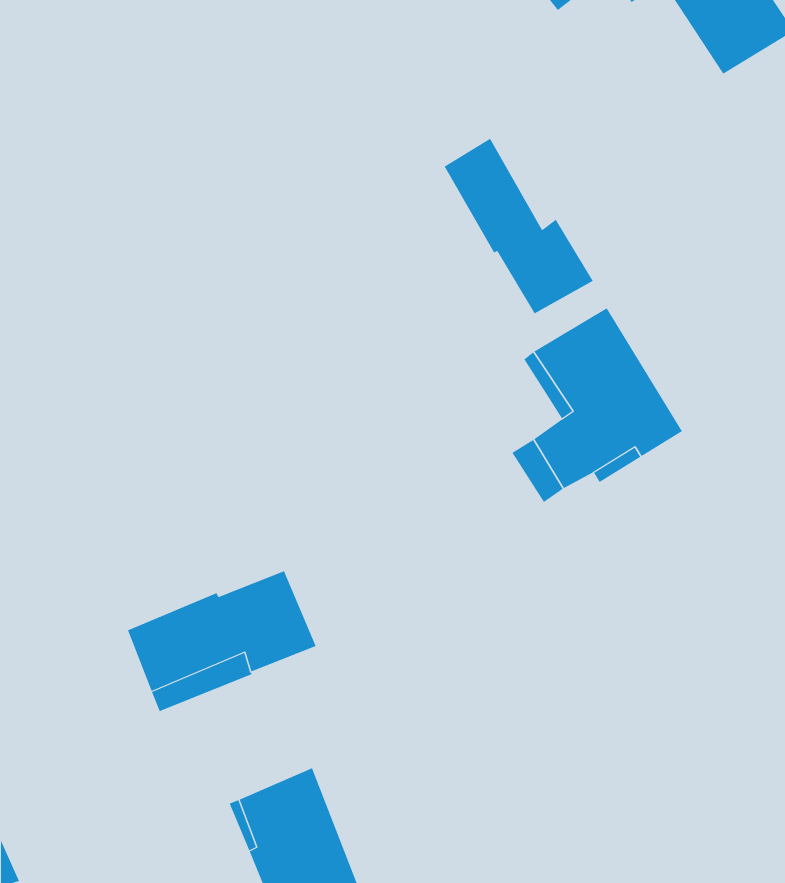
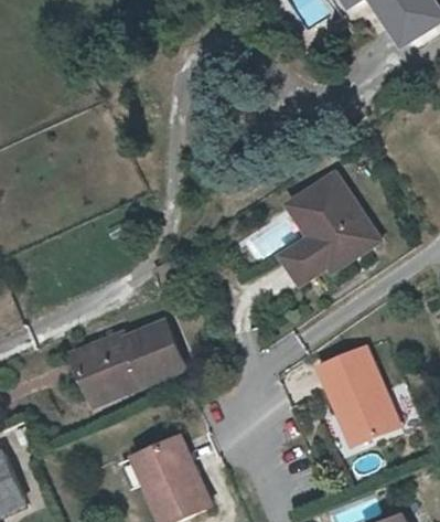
building: [444,138,593,314] -> none
building: none -> [316,348,395,446]

